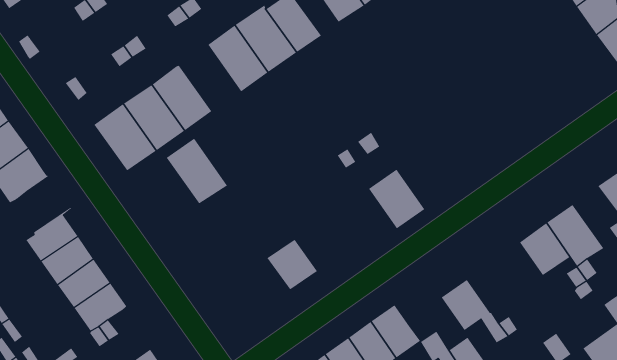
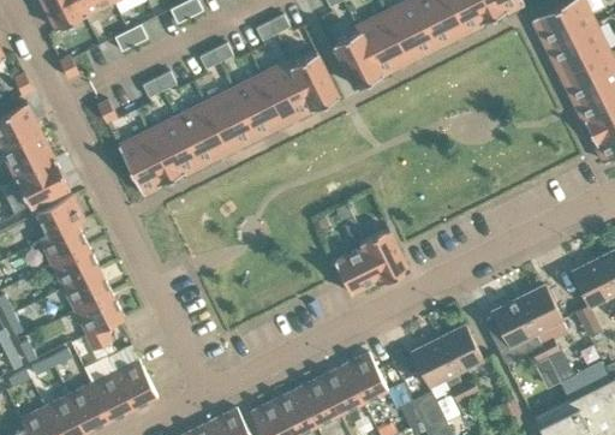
building: [166,138,228,204] -> [204,89,257,150]
building: none -> [35,193,85,237]
building: [267,235,320,290] -> [334,243,381,293]
building: none -> [438,324,483,373]

